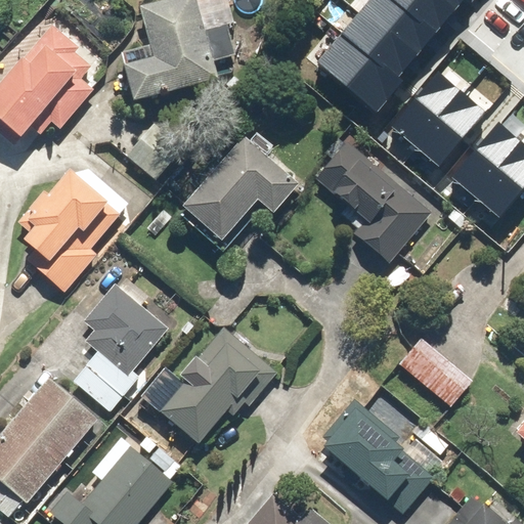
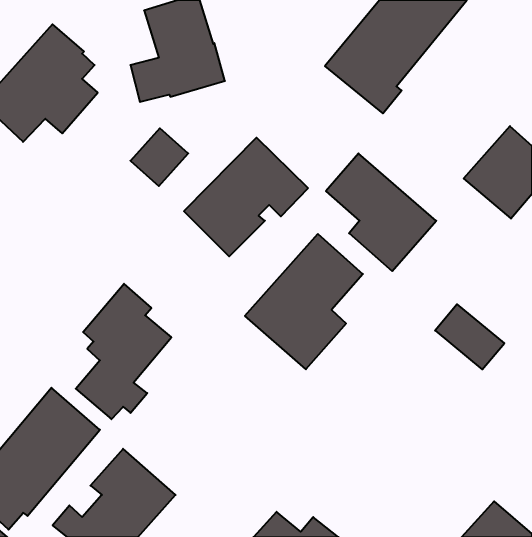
building: [390,74,480,164] -> none
building: [28,169,123,292] -> none
building: none -> [245,234,363,369]
building: [158,328,273,441] -> none
building: [401,342,469,405] -> [435,304,504,369]
building: [315,403,443,519] -> none

